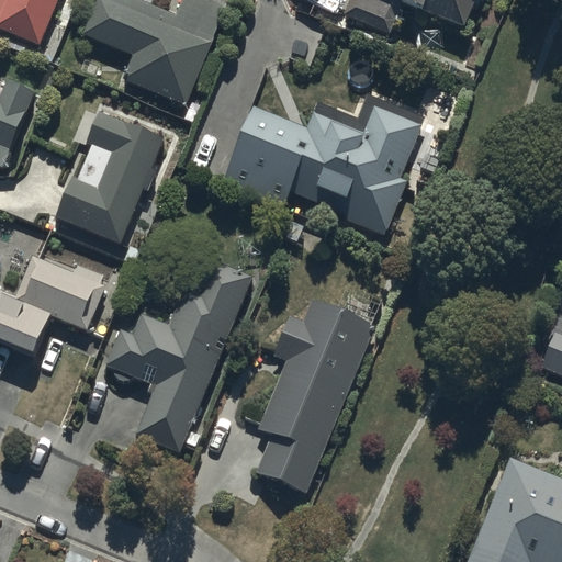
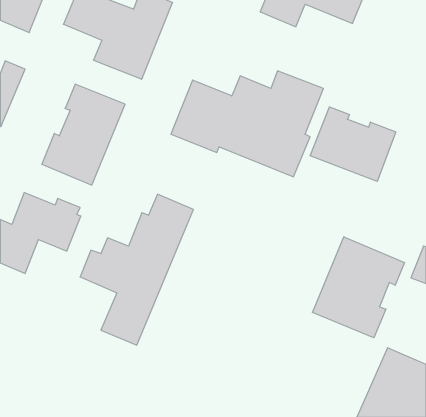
building: none -> [310,107,396,181]
building: [257,297,375,492] -> none
building: none -> [312,237,404,338]

